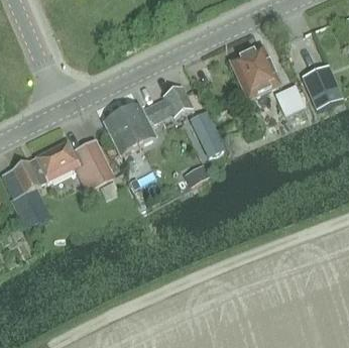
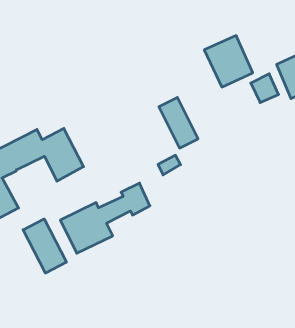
building: [104,85,192,153] -> [60,183,150,253]
building: none -> [23,219,66,273]

